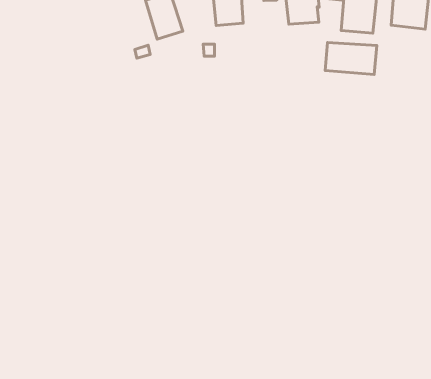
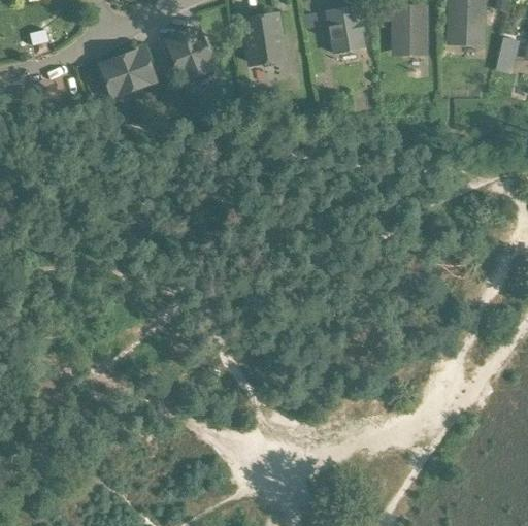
building: none -> [104,48,158,96]
building: [325,42,377,75] -> none

